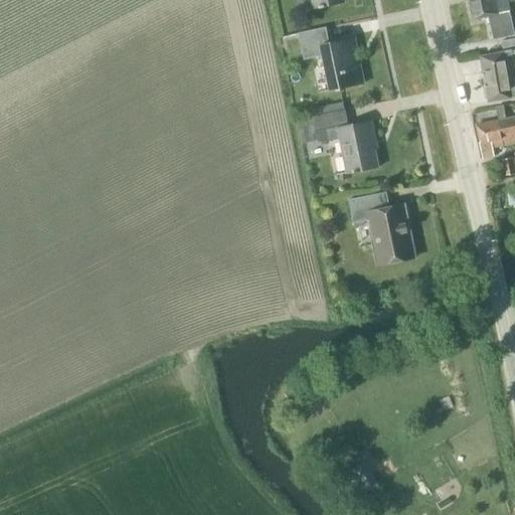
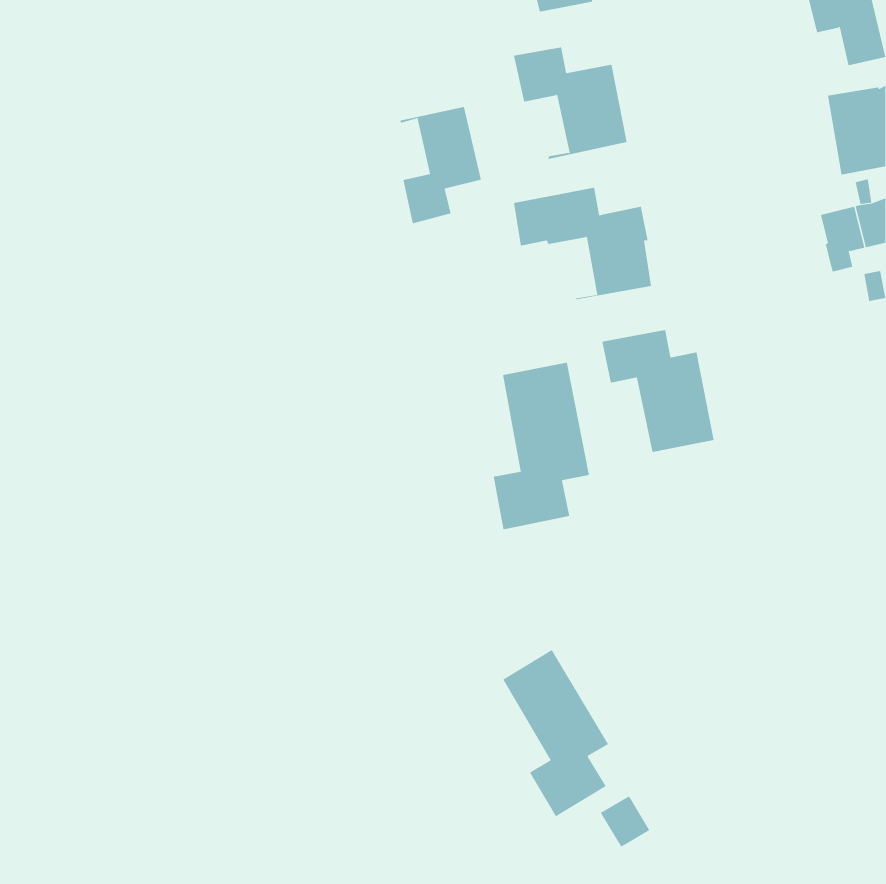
building: none -> [400,106,481,224]
building: none -> [493,362,590,530]
building: none -> [502,649,609,817]

